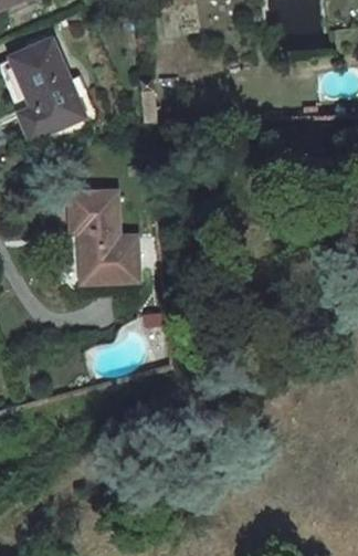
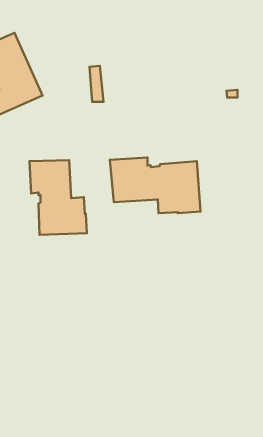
building: none -> [110,158,201,213]

